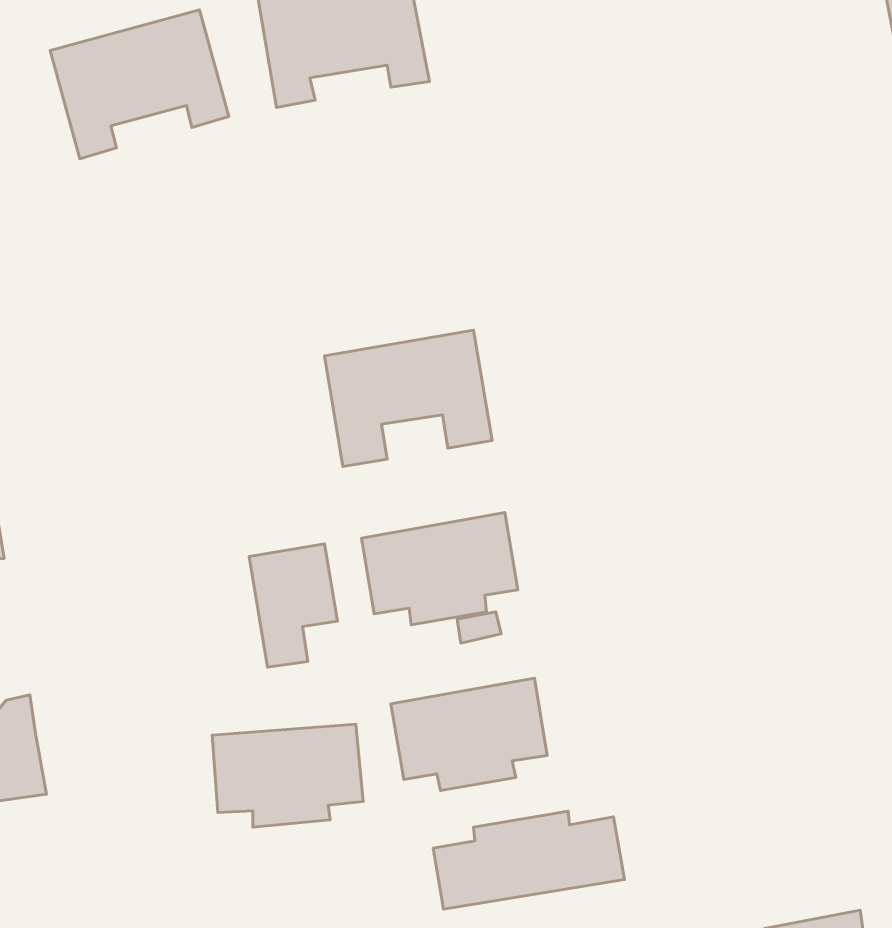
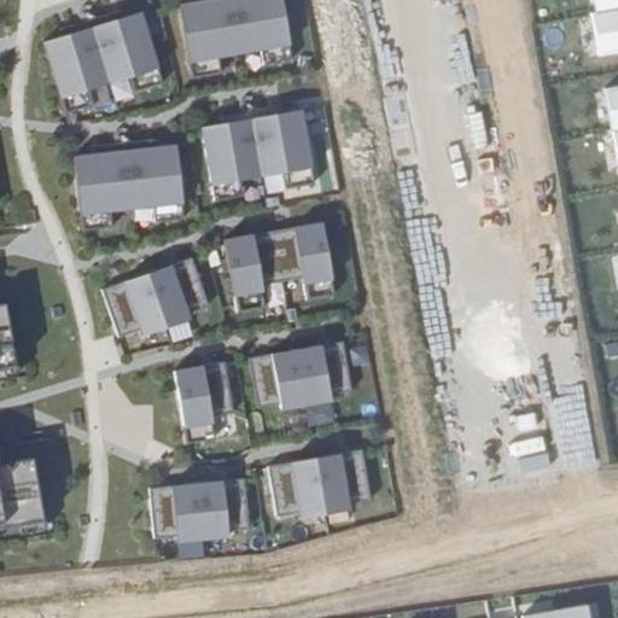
building: none -> [205,109,315,199]
building: none -> [80,144,188,226]
building: none -> [103,257,208,334]
building: [433,811,624,909] -> none

